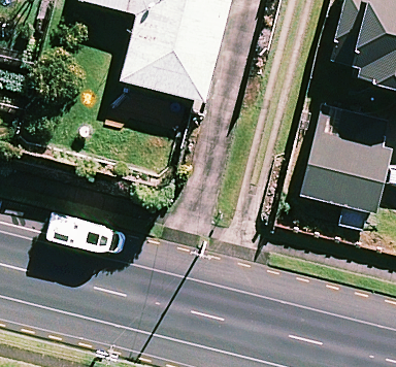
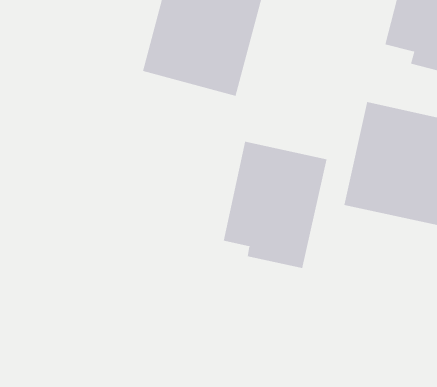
building: none -> [223,141,327,269]

